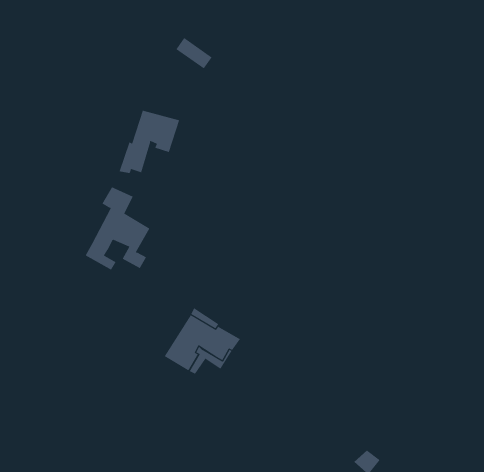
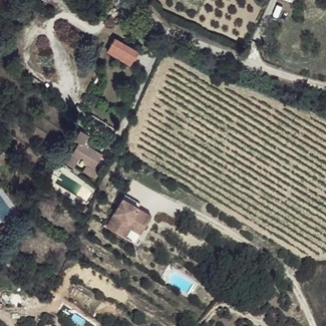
building: [119,110,180,174] -> none

